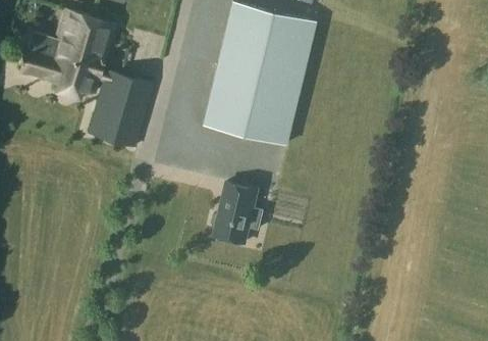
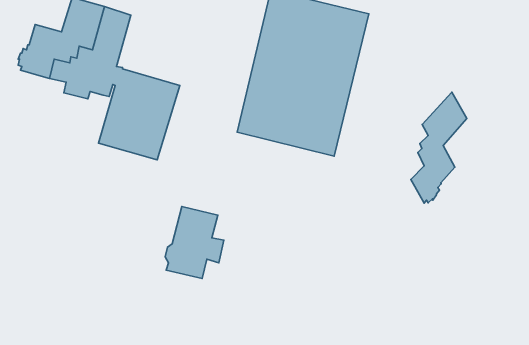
building: none -> [411,92,467,203]
building: [212,183,262,244] -> [165,207,224,278]

